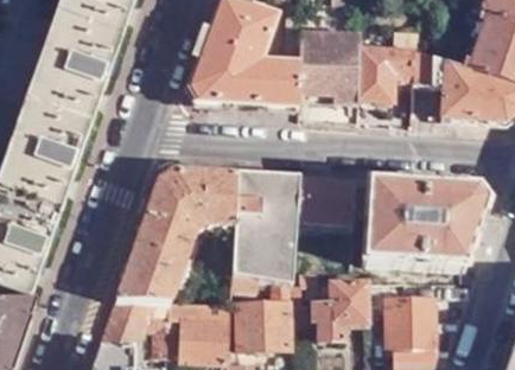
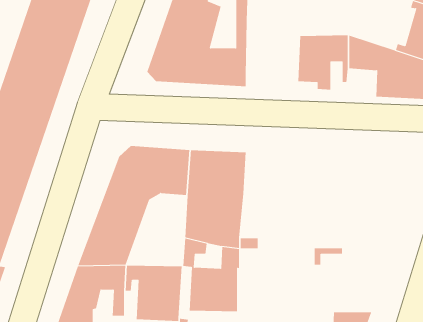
building: [299,32,358,102] -> none
building: [297,176,356,224] -> none
building: [364,180,485,267] -> none
building: [307,280,365,339] -> none
building: [387,295,437,351] -> none

